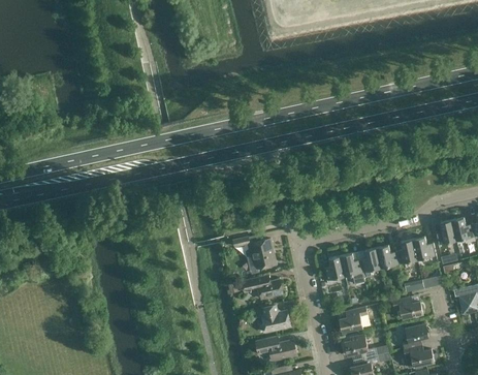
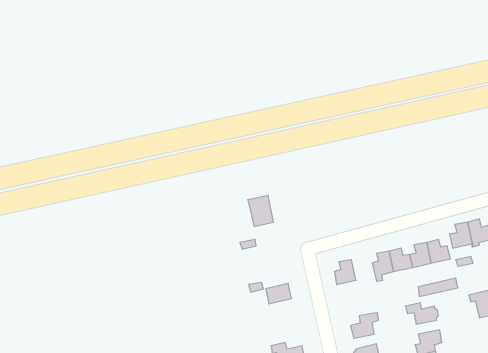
building: [251,239,276,269] -> [248,195,274,227]
building: [341,253,365,284] -> none
building: [262,304,290,333] -> none

